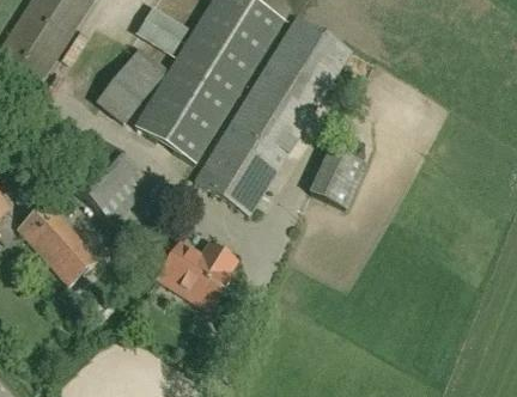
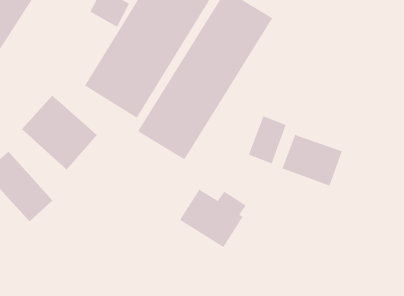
building: [98,48,166,121] -> none
building: none -> [282,134,343,187]
building: [158,242,236,310] -> [179,189,247,248]

